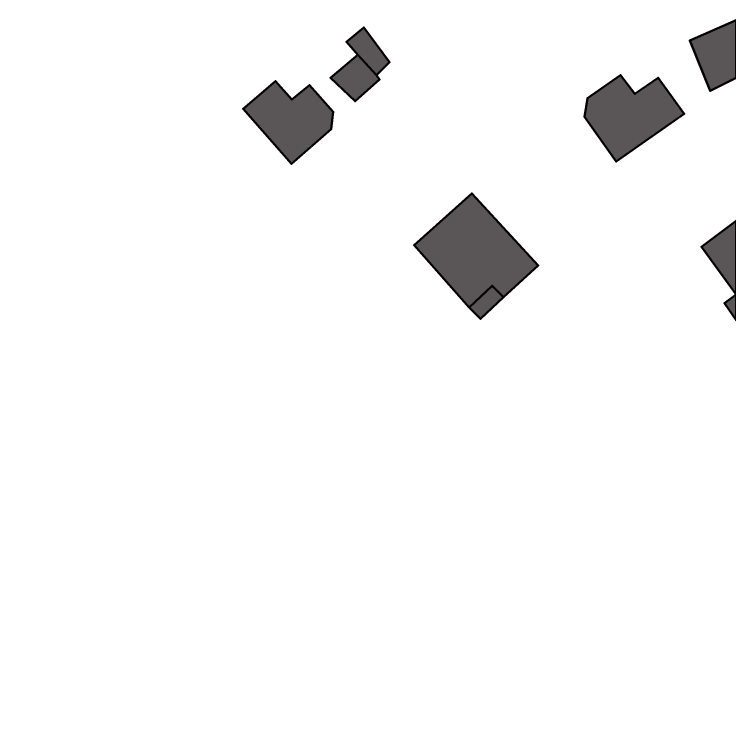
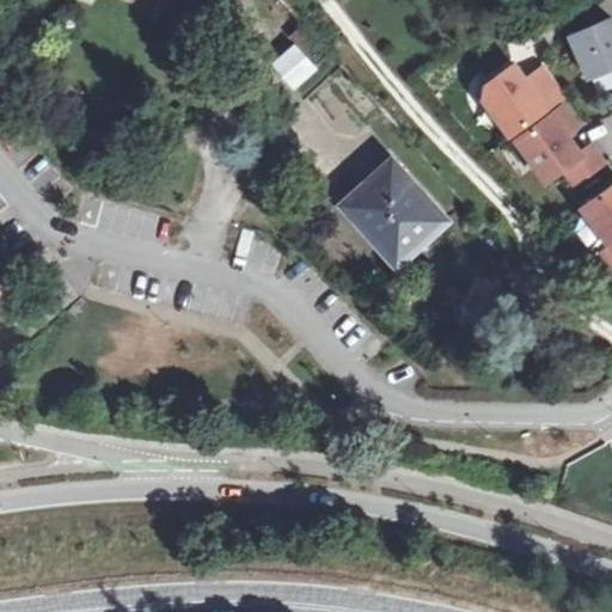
building: [243,81,333,164] -> none
building: none -> [516,108,602,184]

